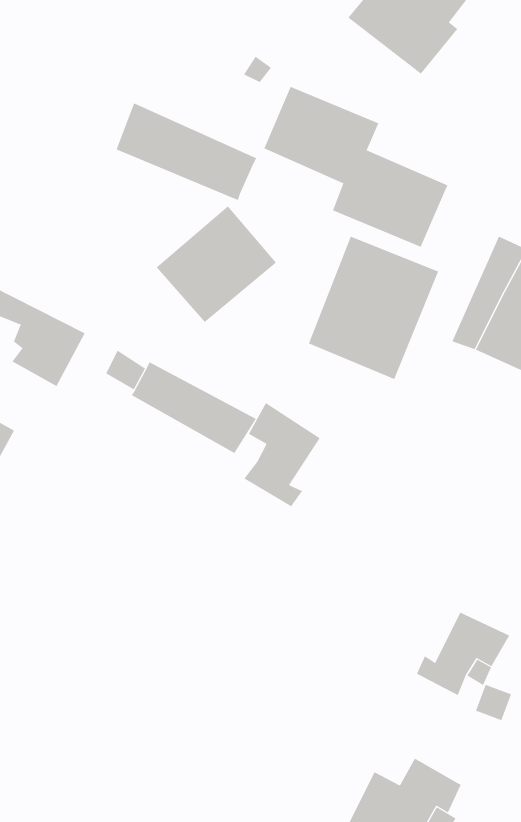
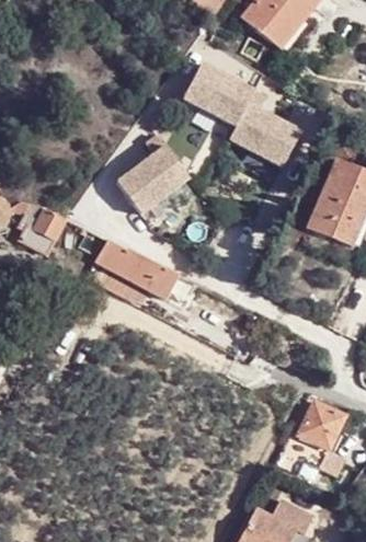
building: [116,102,257,201] -> none
building: [308,236,439,380] -> none
building: [243,402,320,507] -> none

